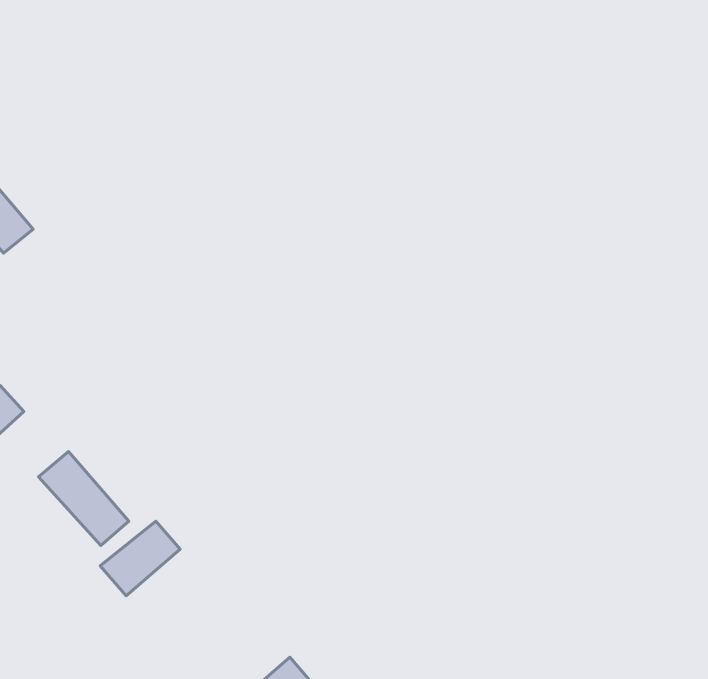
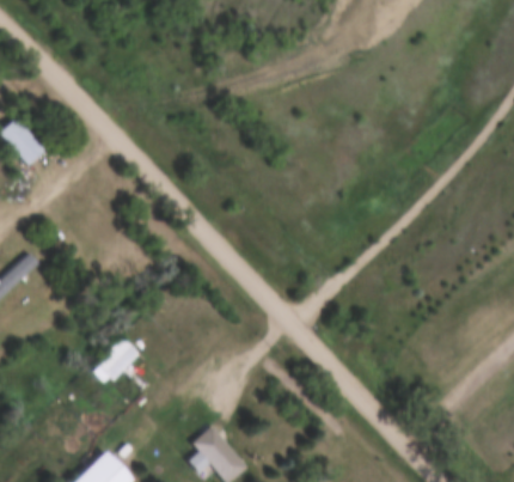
building: [38,451,129,545] -> none

